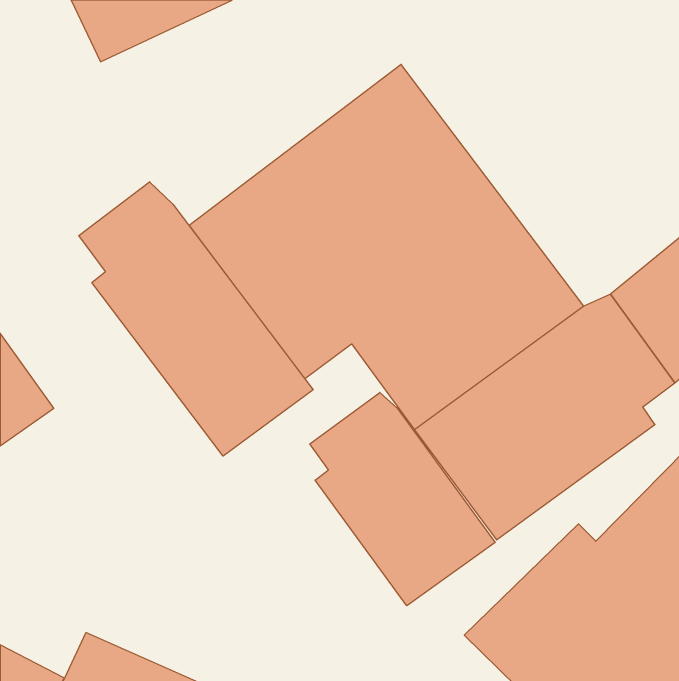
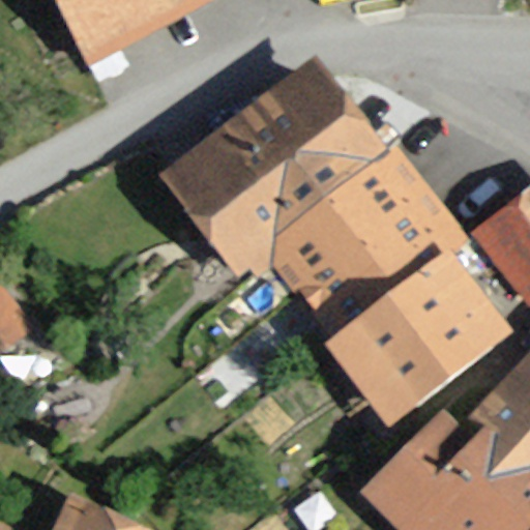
building: [79,182,313,456] -> none
building: [310,392,495,606] -> none

